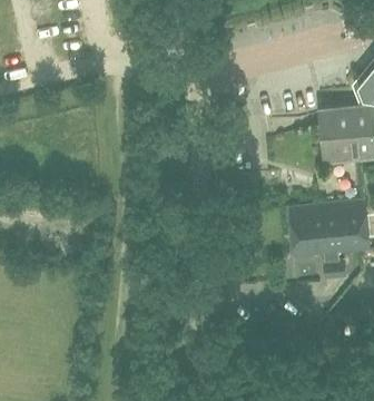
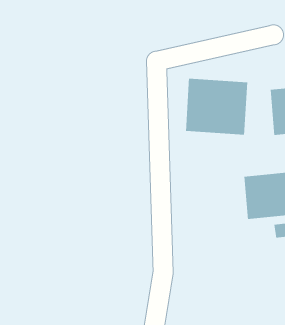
building: none -> [185,78,248,135]

